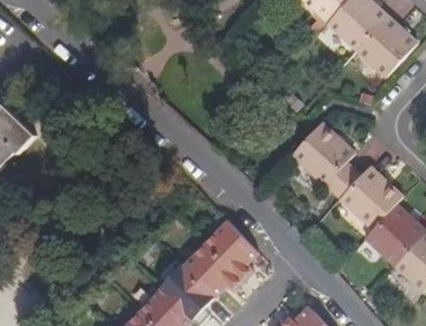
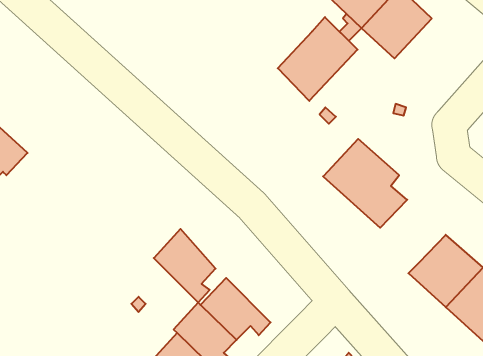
building: none -> [278,17,358,101]
building: [350,18,412,81] -> none
building: [338,165,402,227] -> none
building: [206,215,259,278] -> [154,229,216,303]

